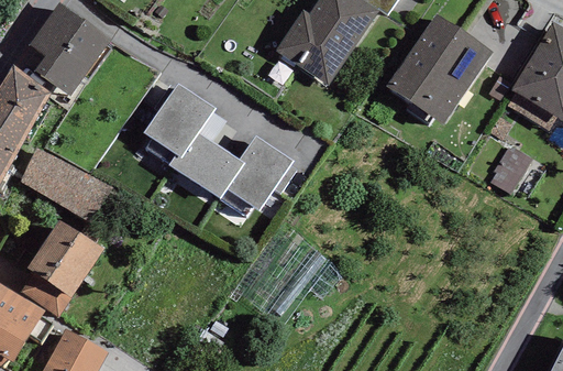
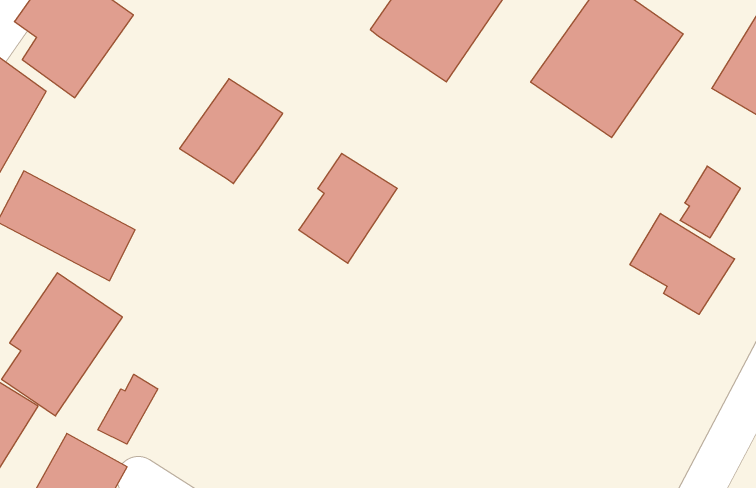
building: [167,132,243,197] -> none
building: none -> [630,213,735,314]
building: none -> [98,374,158,444]

